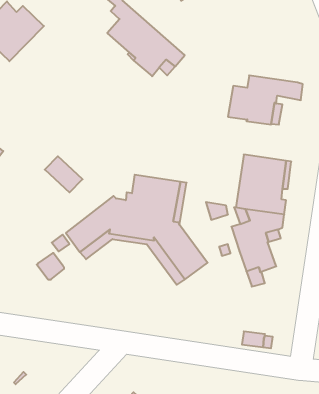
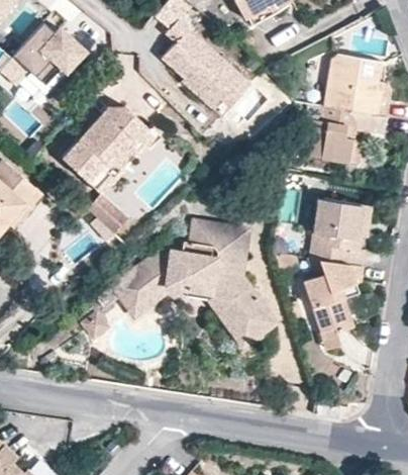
building: none -> [323,55,391,116]
building: none -> [64,104,164,193]

